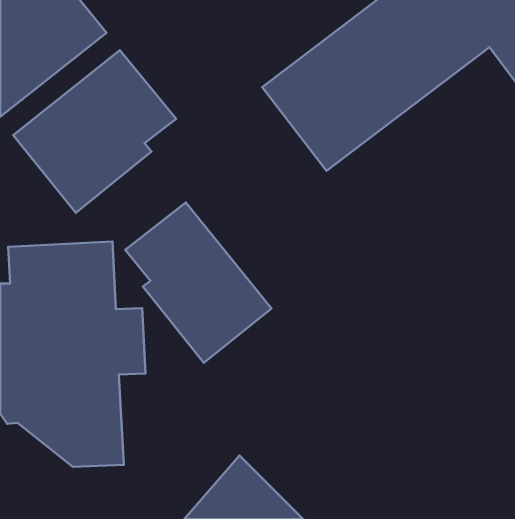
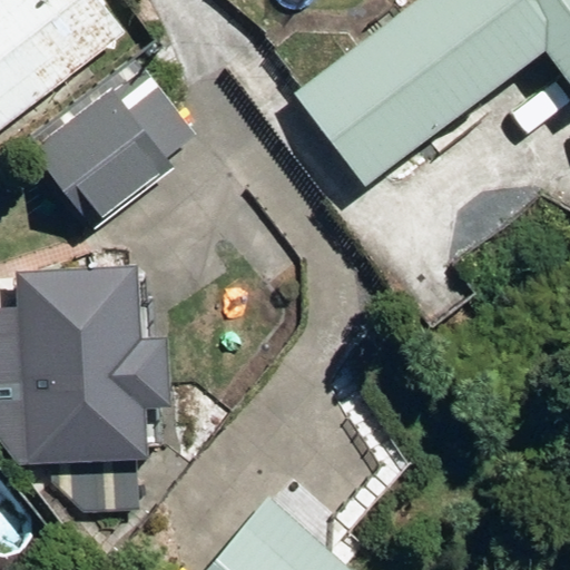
building: [125,202,271,363] -> none

